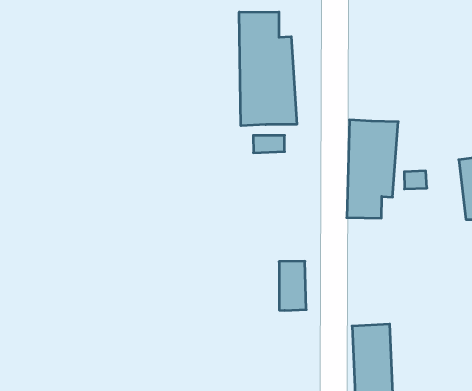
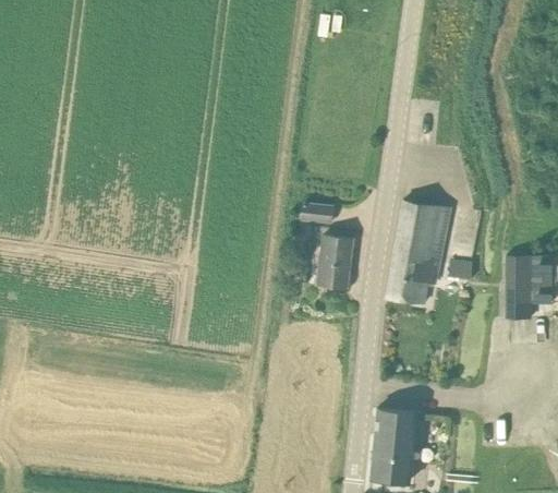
building: [239,12,297,126] -> none
building: [279,261,306,310] -> [320,236,353,288]

